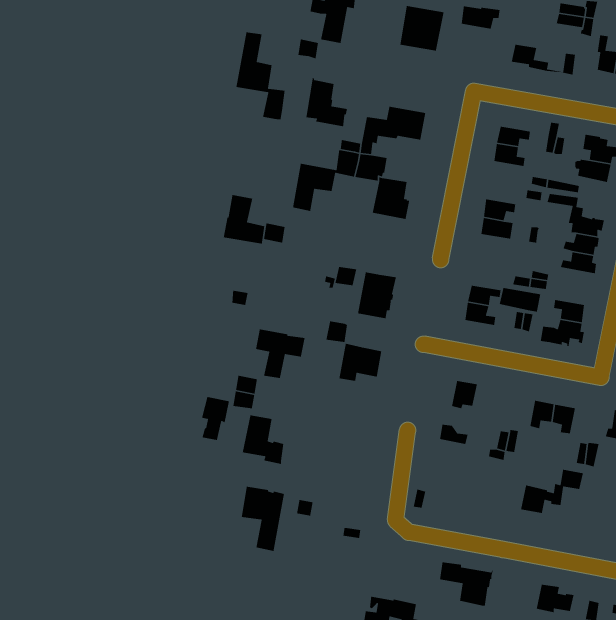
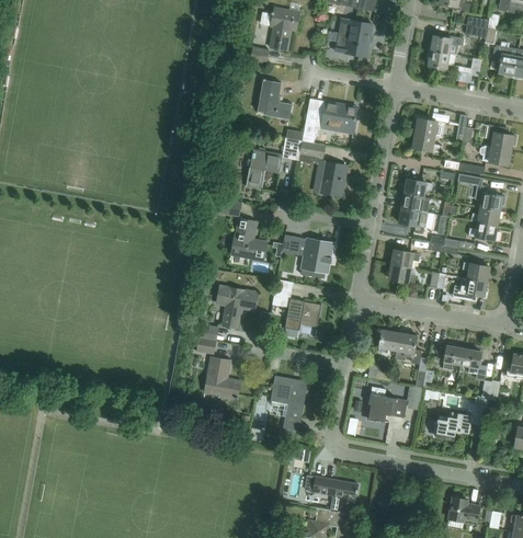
building: [461,6,500,29] -> [431,35,464,55]
building: [236,32,286,120] -> none
building: [223,194,265,244] -> [231,218,266,260]
building: [499,287,541,312] -> [399,208,434,229]
building: none -> [395,332,422,364]
building: [201,396,230,441] -> none
building: none -> [368,393,408,422]
building: [241,486,285,552] -> [271,376,307,431]
building: [439,561,494,606] -> [314,477,359,514]

